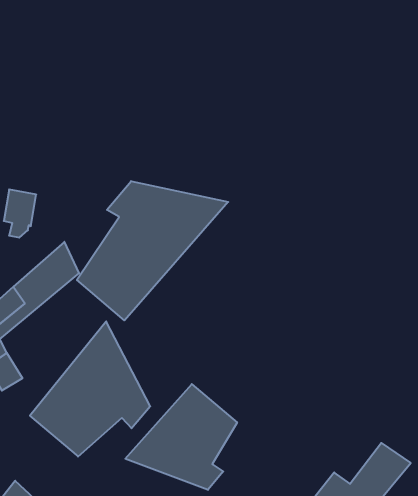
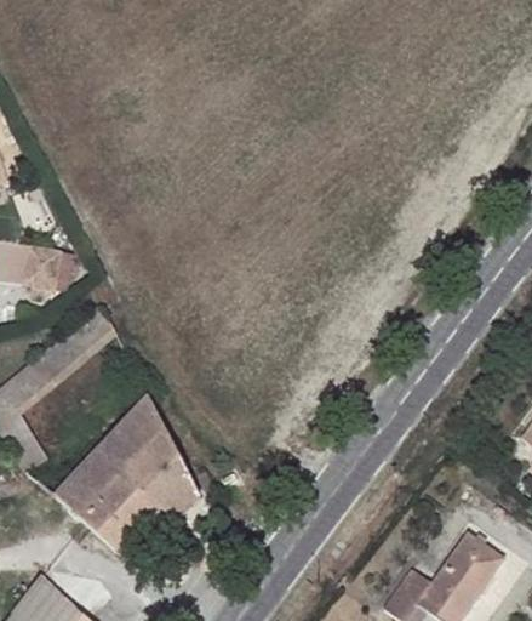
building: [77,181,228,320] -> none
building: [125,384,237,490] -> none

